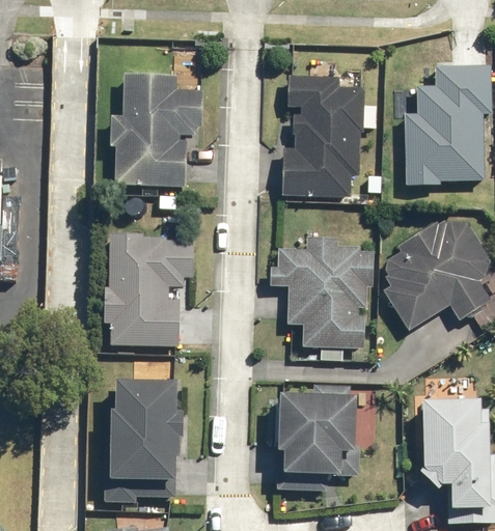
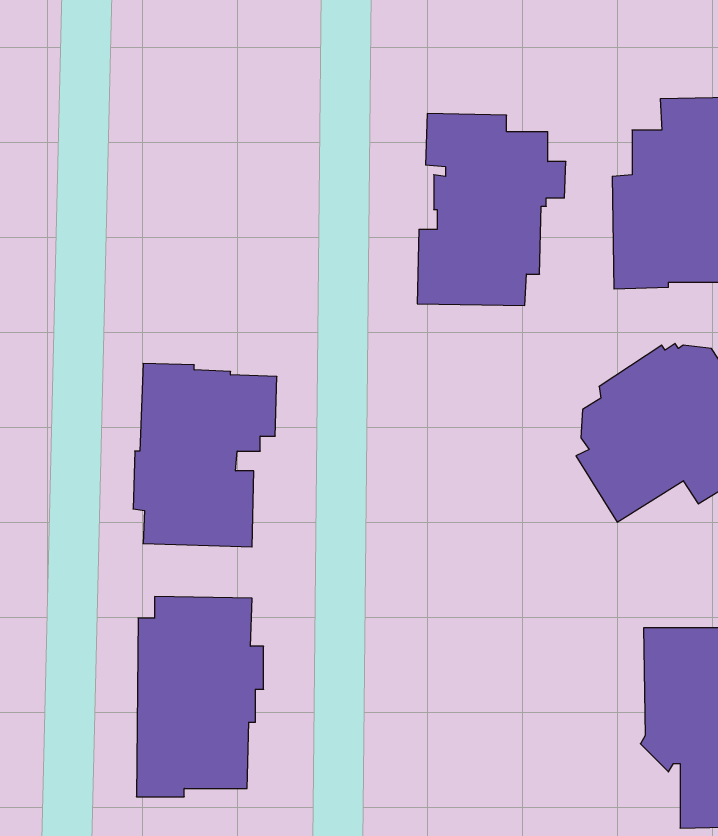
building: [111,73,203,187] -> none
building: [270,237,374,348] -> none
building: [278,385,359,492] -> none

